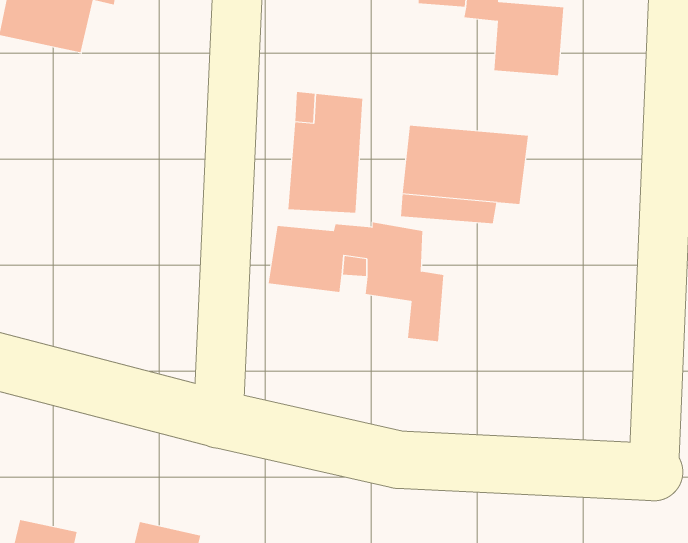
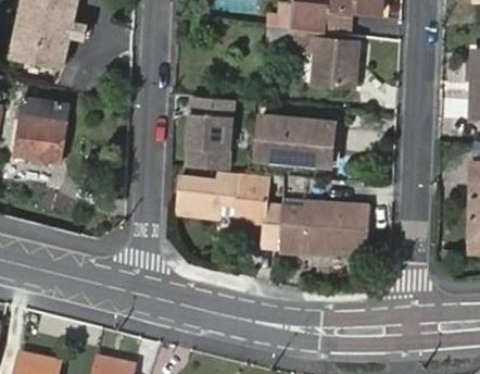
building: none -> [16,98,67,161]
building: none -> [279,200,370,252]

